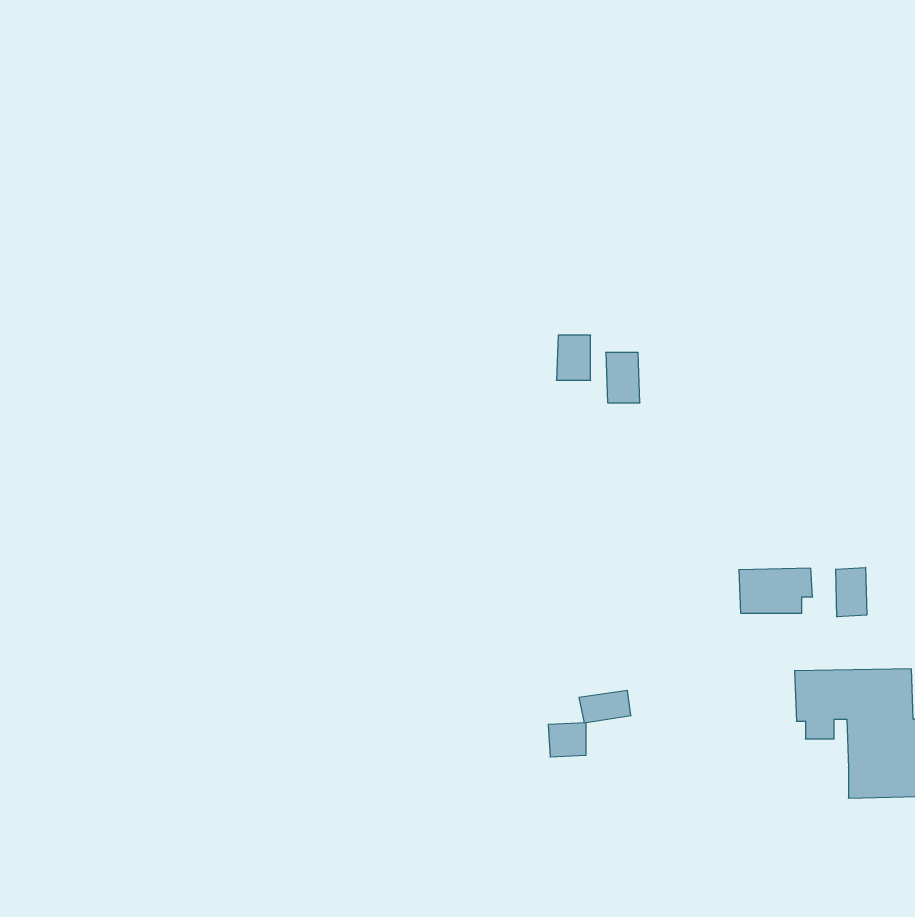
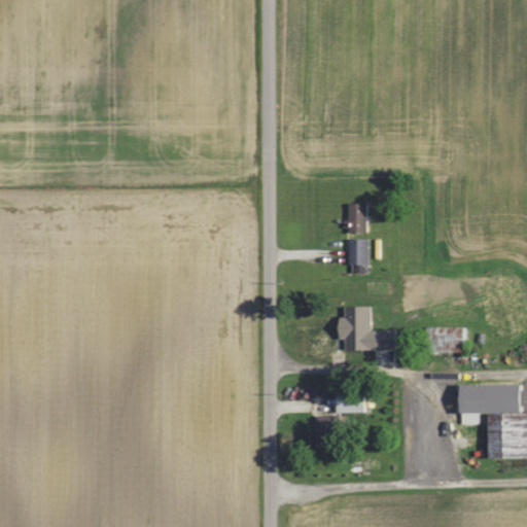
building: [556,335,591,380] -> [349,239,368,265]
building: none -> [338,306,394,350]
building: [836,567,867,617] -> none

